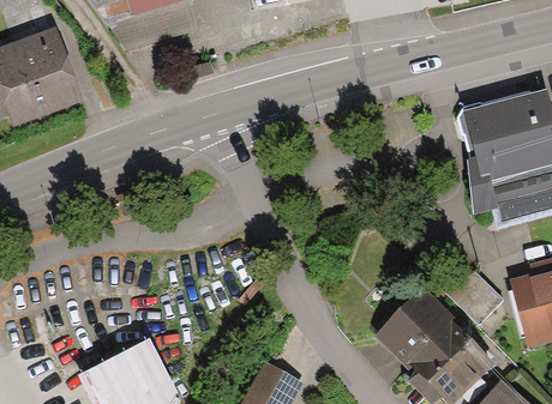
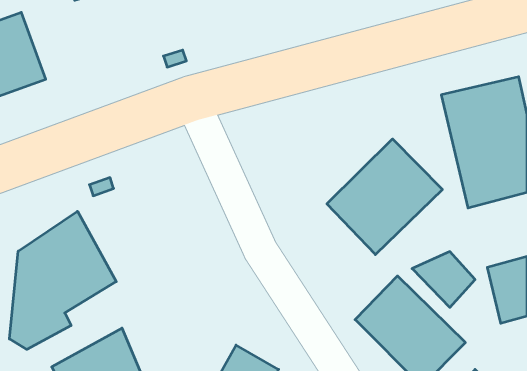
building: none -> [327,139,442,255]
building: none -> [9,211,116,349]

